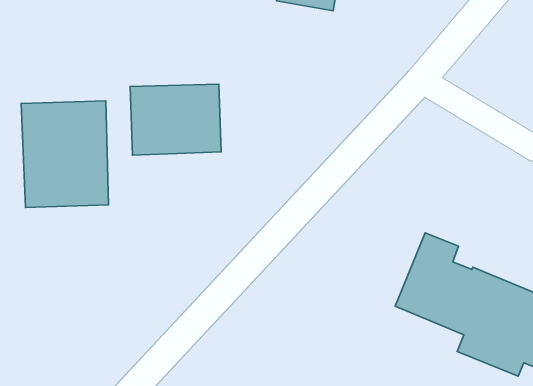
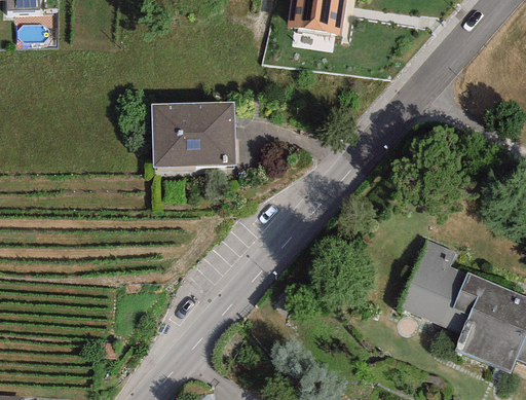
building: [21,101,109,207] -> none

